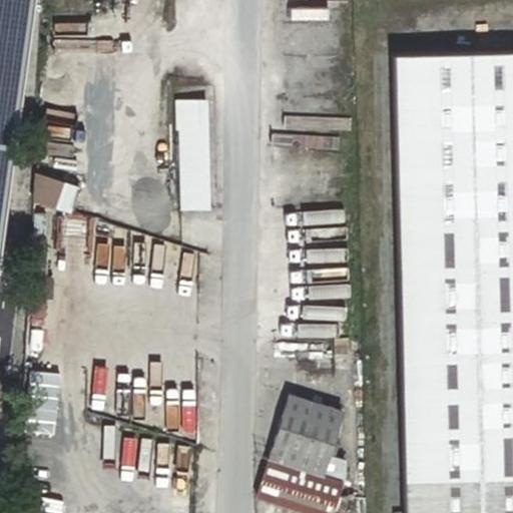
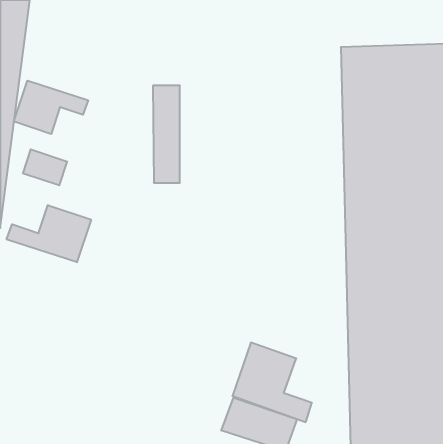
building: none -> [14,81,88,134]
building: none -> [7,205,91,262]

